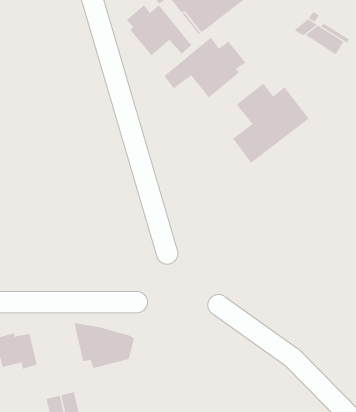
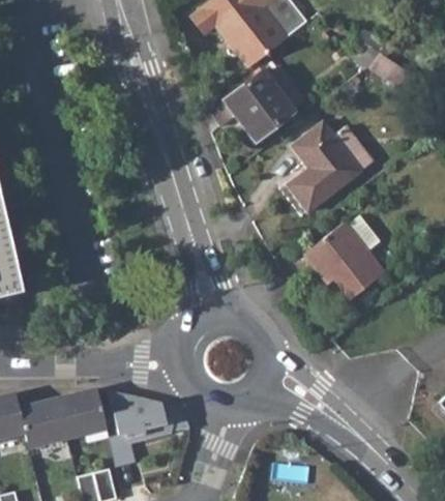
building: [126,5,192,56] -> none
building: none -> [304,216,385,300]
building: none -> [59,390,105,439]

